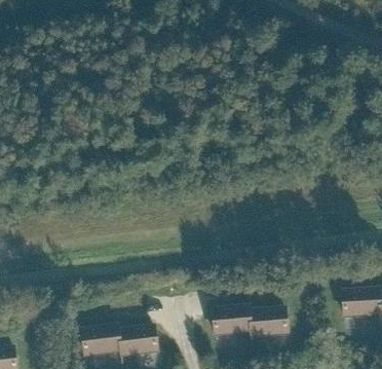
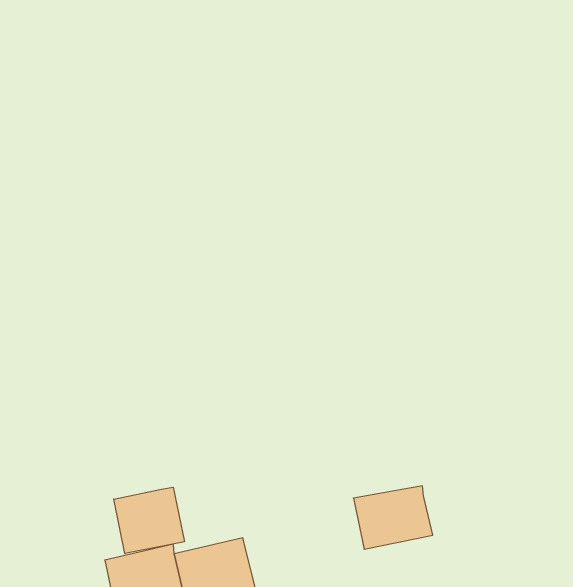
building: none -> [114,487,184,554]
building: [249,308,288,338] -> none

